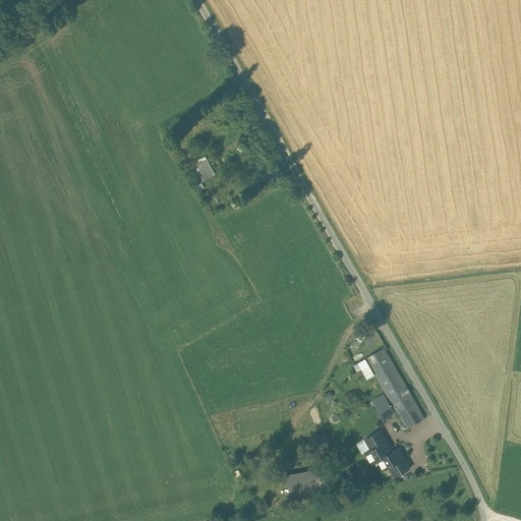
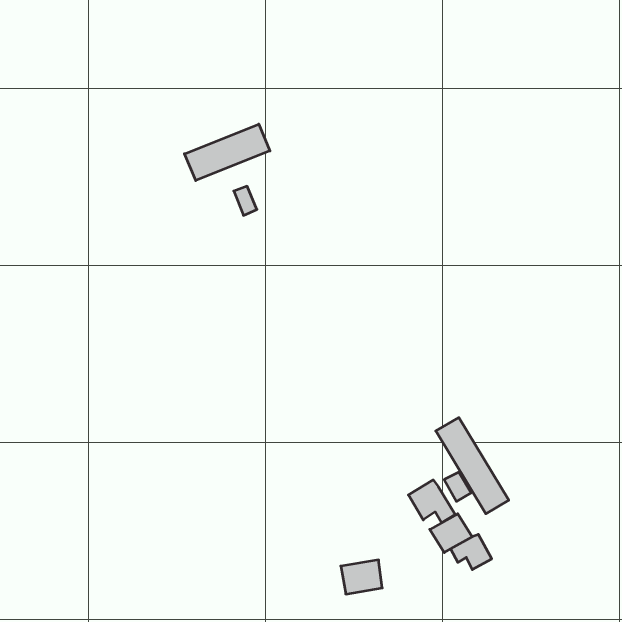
building: none -> [184,124,270,181]
building: none -> [408,480,455,523]

